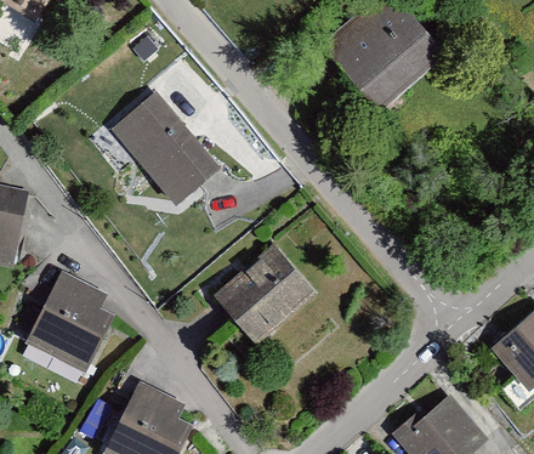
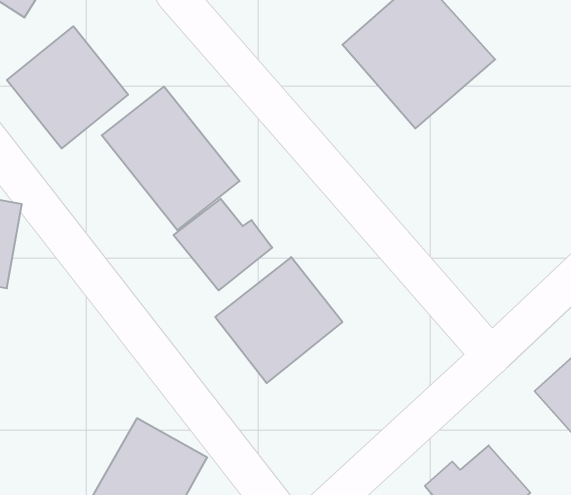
building: none -> [7,26,128,148]
building: none -> [174,199,272,290]
building: [16,261,119,380] -> none

